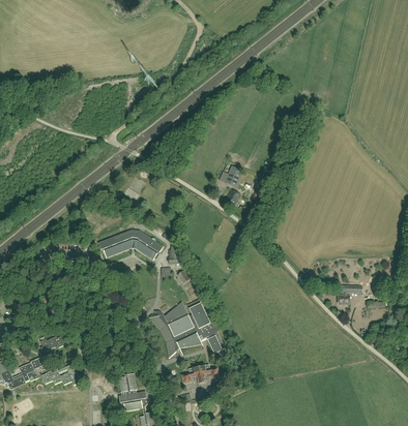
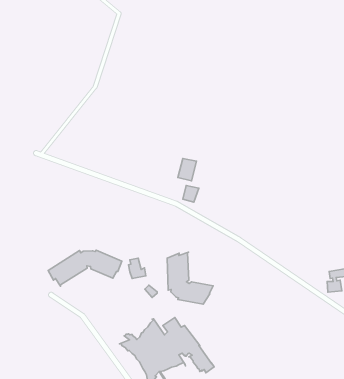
building: none -> [167,252,213,304]

